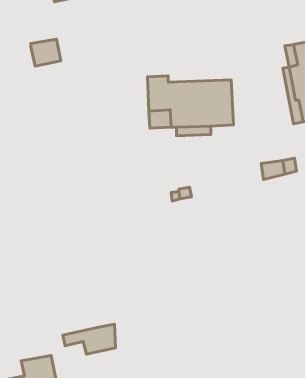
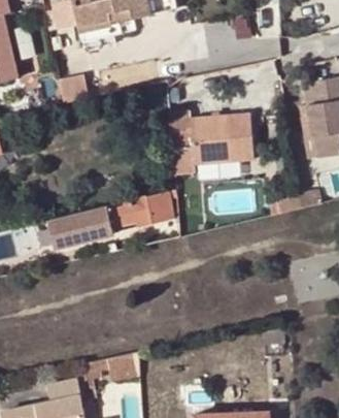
building: none -> [46,188,175,247]

